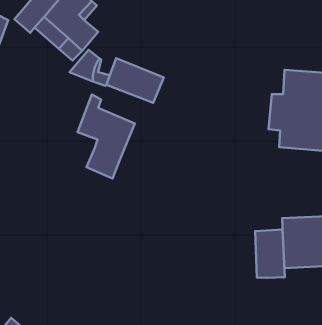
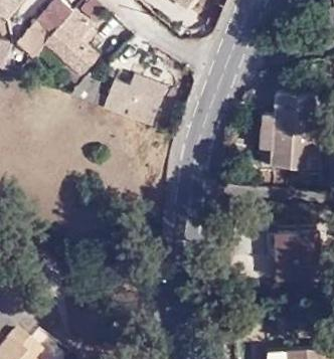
building: [78,95,135,179] -> none
building: [255,229,285,278] -> none

